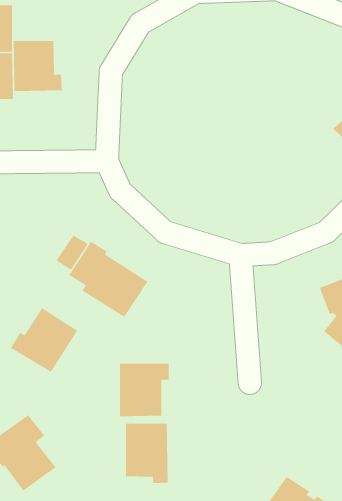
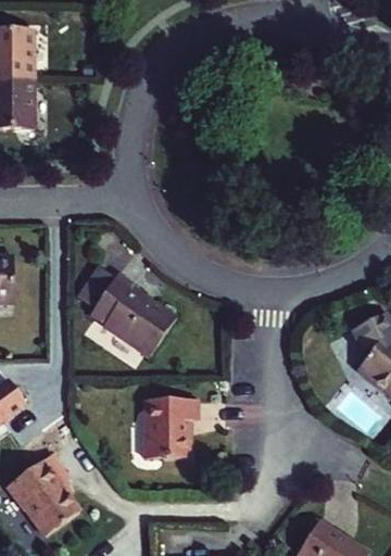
building: [13,40,62,92] -> none
building: [10,307,78,373] -> none
building: [125,423,168,484] -> none

